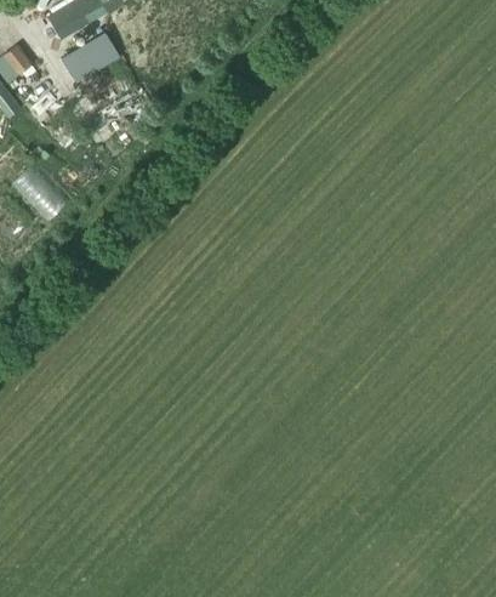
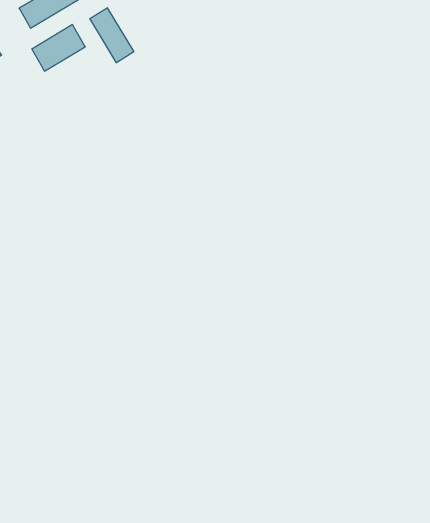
building: none -> [90,8,134,63]

